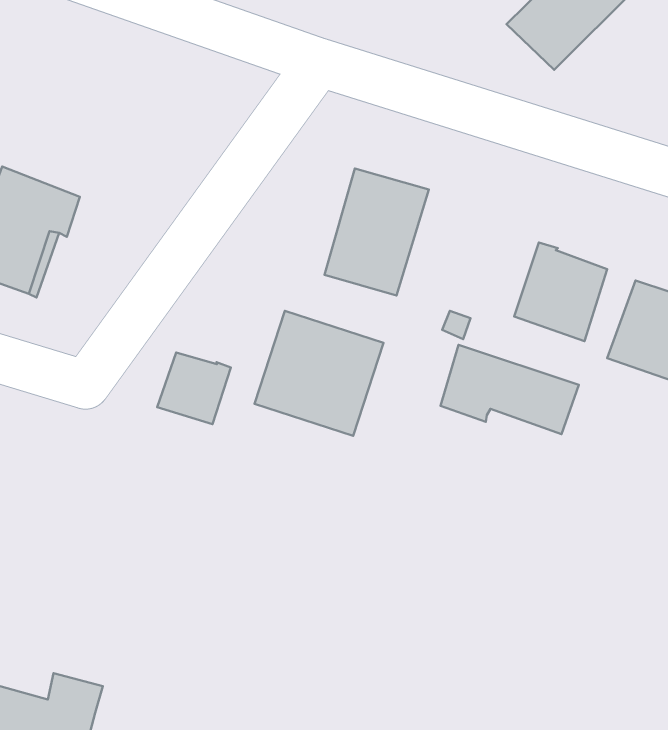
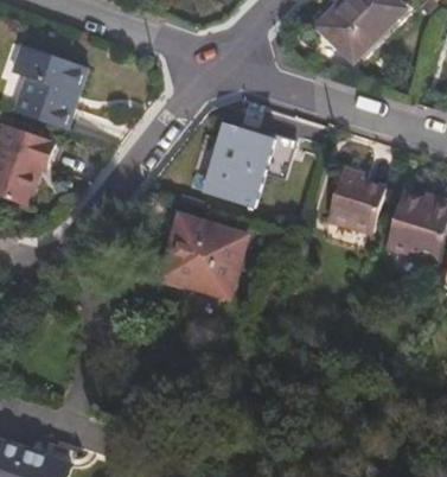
building: none -> [14,43,89,127]
building: [441,345,579,434] -> none
building: [157,352,231,424] -> none

